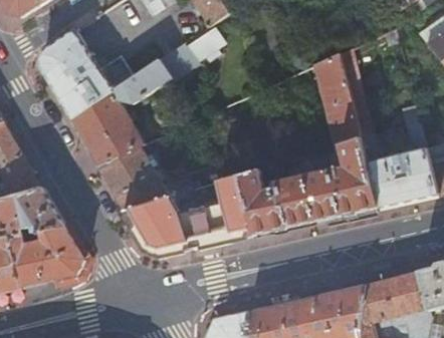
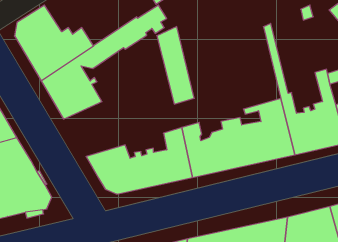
building: [315,53,361,146] -> [157,27,194,104]
building: [98,145,197,210] -> none

